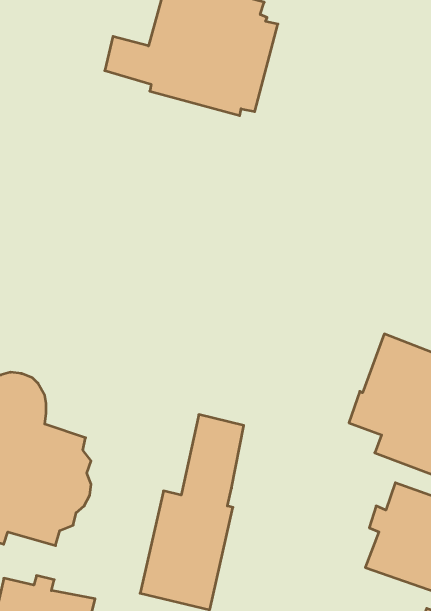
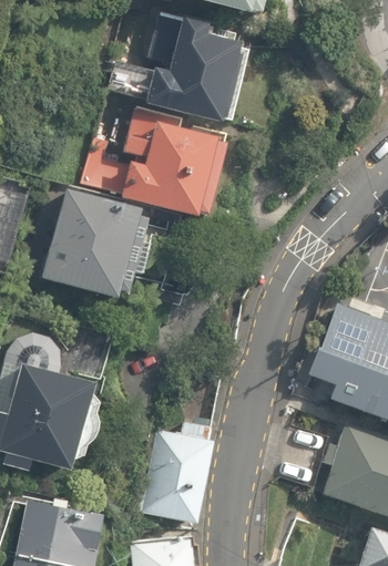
building: none -> [80,106,227,220]
building: none -> [39,191,150,301]

